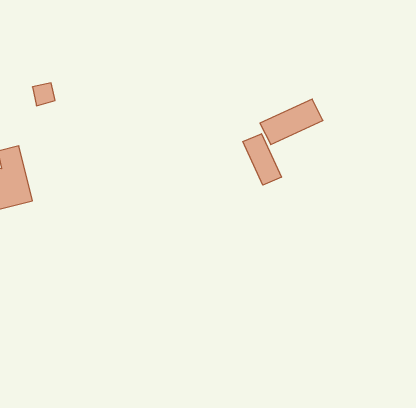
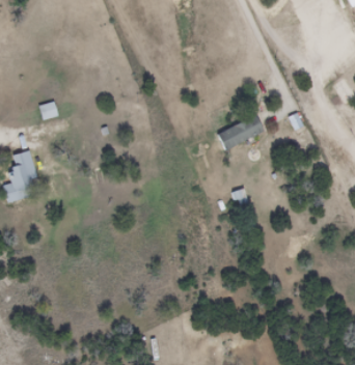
building: [243,134,281,185] -> none

